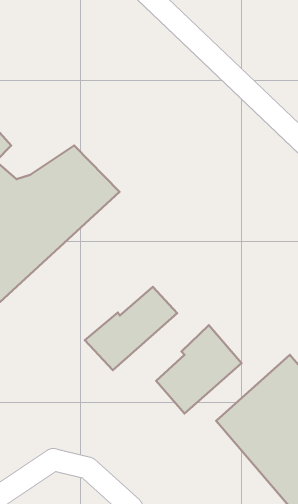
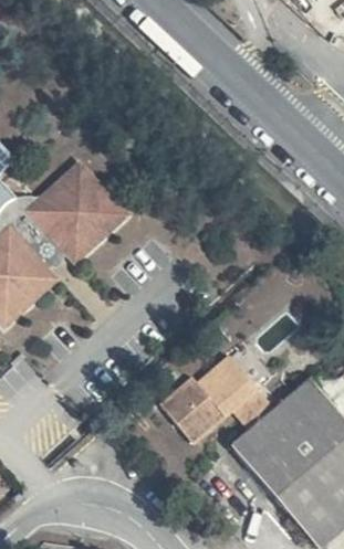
building: [85,287,177,370] -> none

